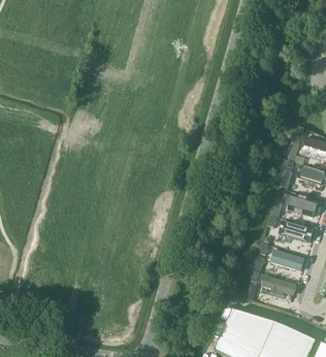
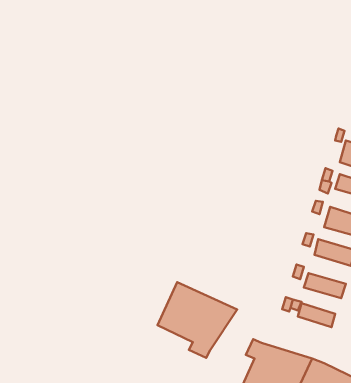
building: none -> [157,282,237,358]

